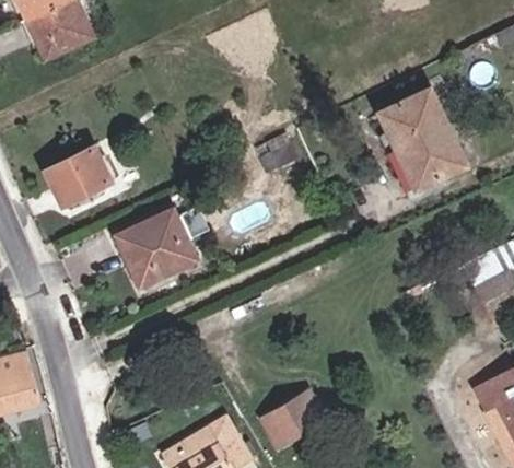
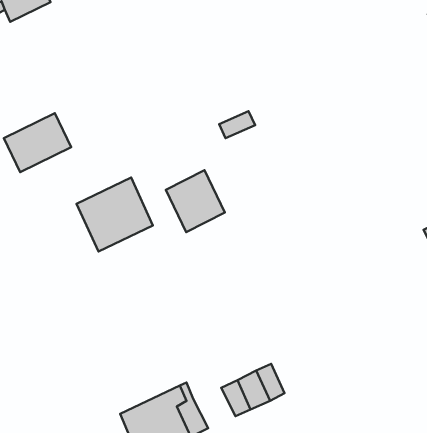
building: [386,90,465,186] -> none
building: none -> [166,170,225,232]

